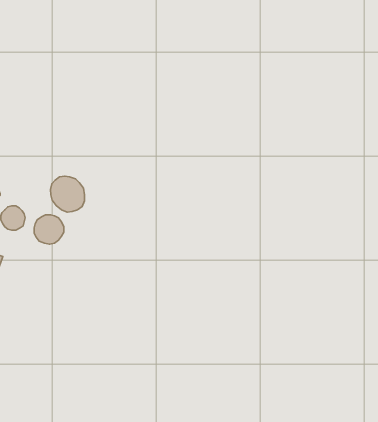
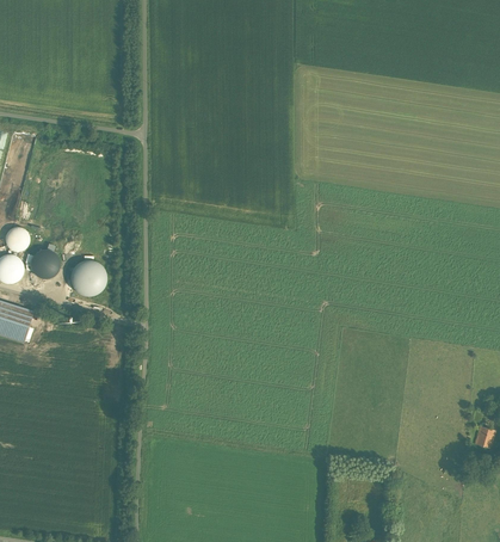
building: [51,176,85,212] -> none

